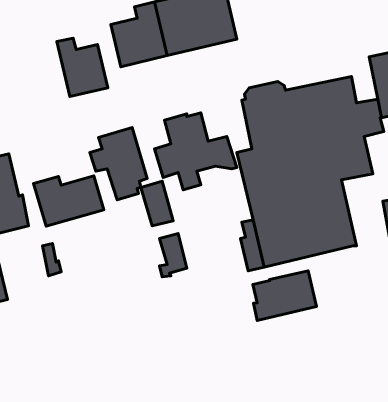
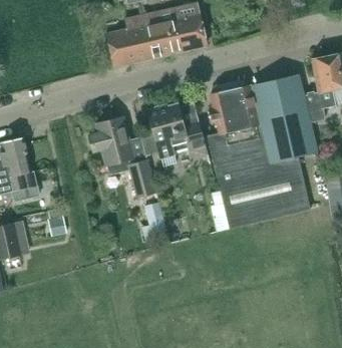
building: [57,38,108,96] -> none
building: [33,176,104,226] -> none
building: [253,271,317,320] -> none

